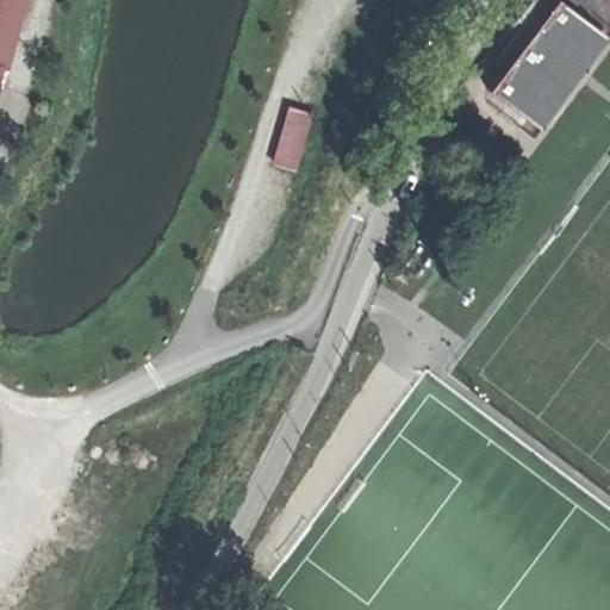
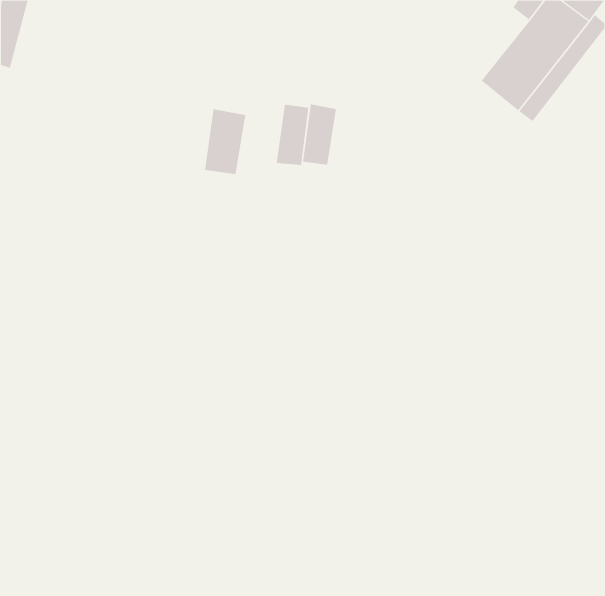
building: none -> [302,104,337,165]
building: none -> [205,109,246,175]

